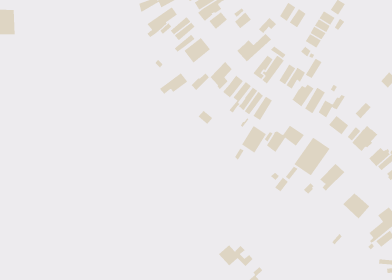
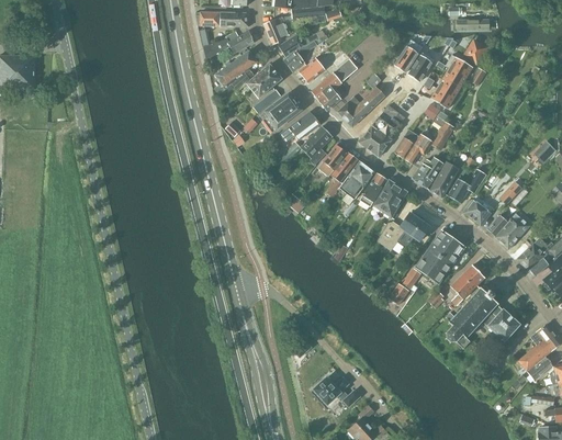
building: none -> [312,71,342,111]
building: [159,73,188,94] -> [280,112,319,142]
building: [241,125,267,153] -> [372,179,407,217]
building: none -> [446,284,498,348]

